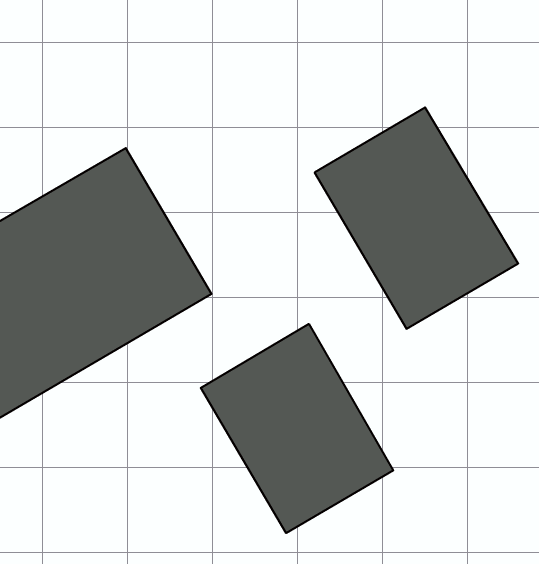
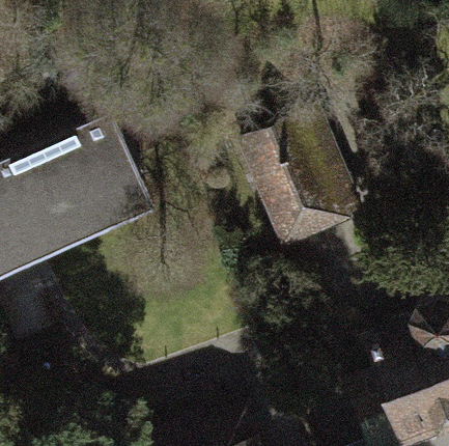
building: [201,324,393,533] -> none

